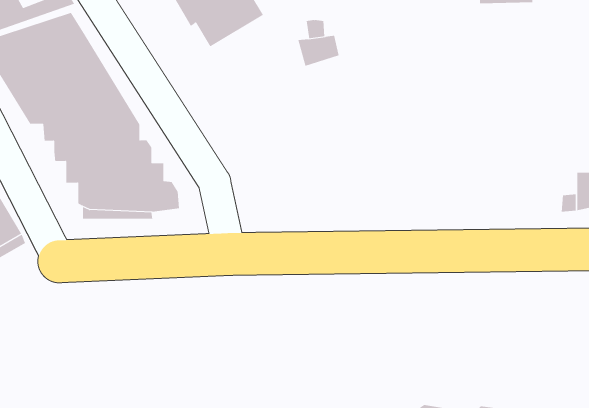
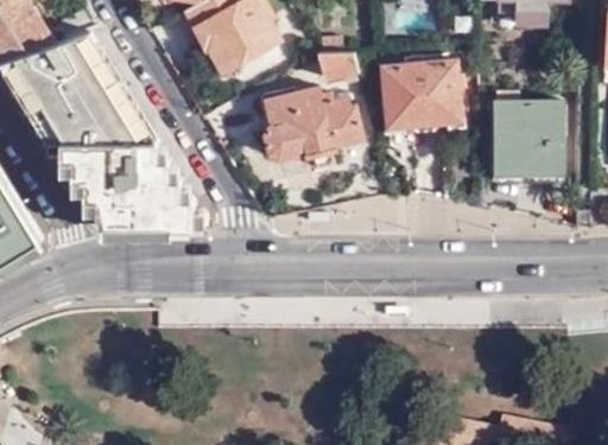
building: none -> [384,57,458,122]
building: none -> [258,88,359,166]
building: none -> [494,102,560,174]

